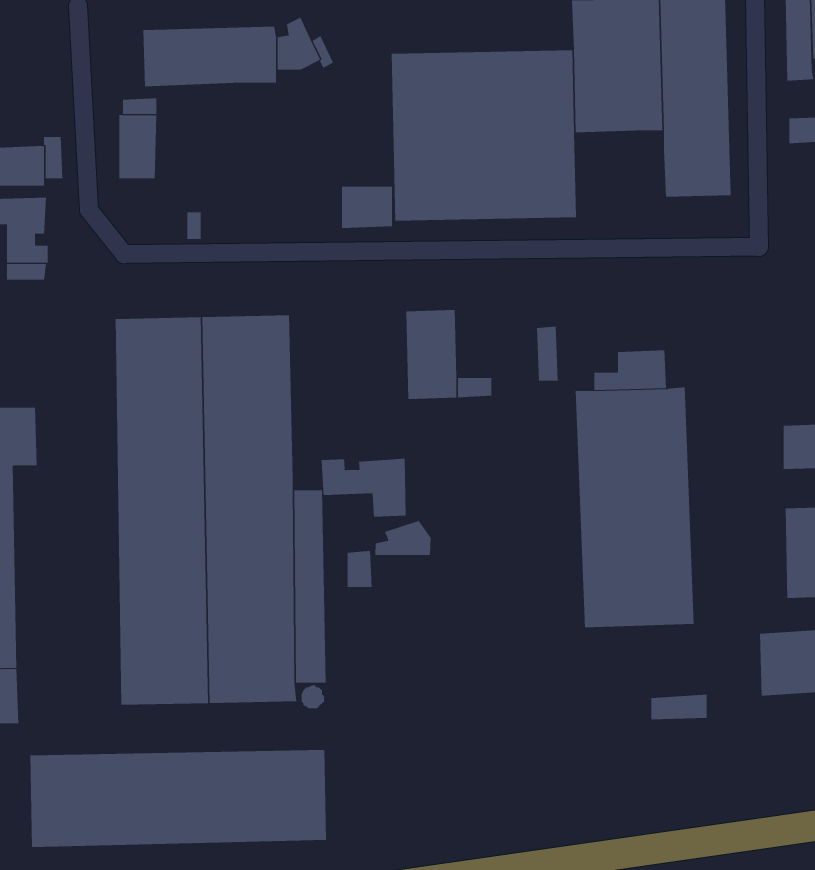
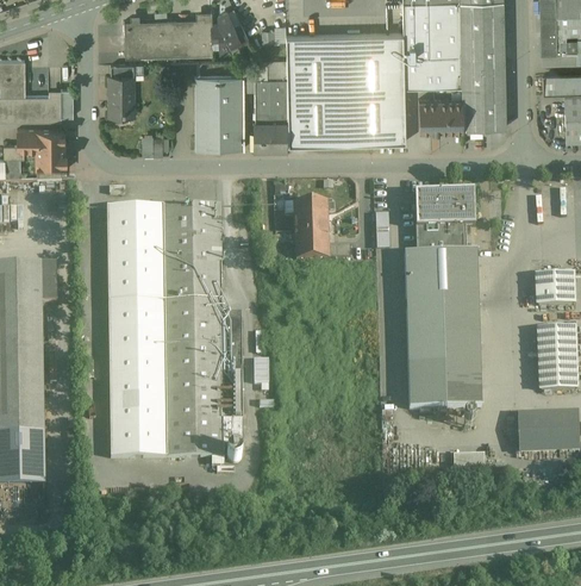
building: none -> [193,76,243,149]
building: none -> [252,79,286,121]
building: none -> [418,98,462,130]
building: none -> [413,192,474,230]
building: [321,458,406,518] -> none
building: [375,520,431,556] -> none
building: [30,749,326,848] -> none

